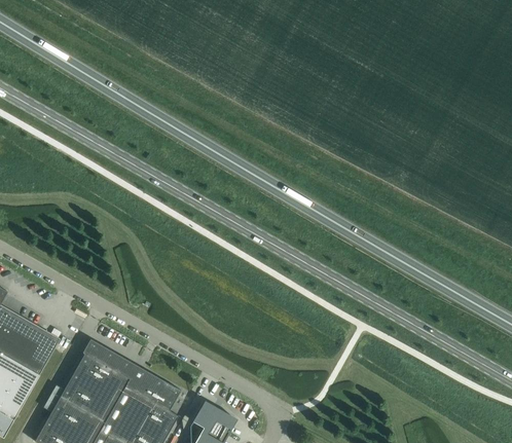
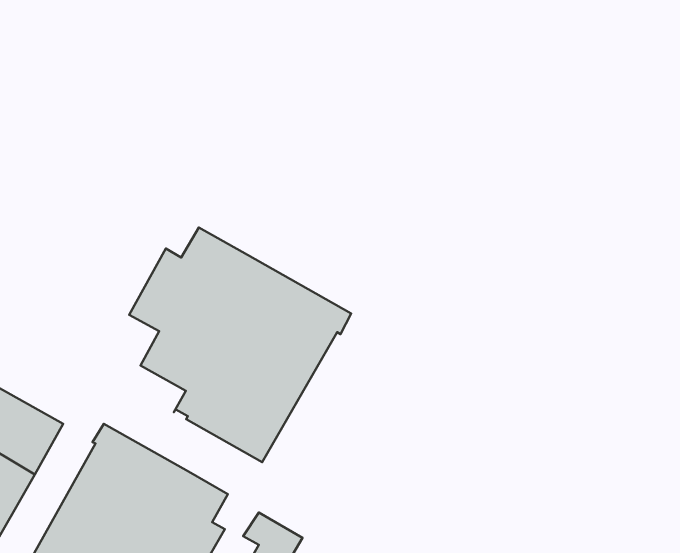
building: none -> [129,227,351,462]

